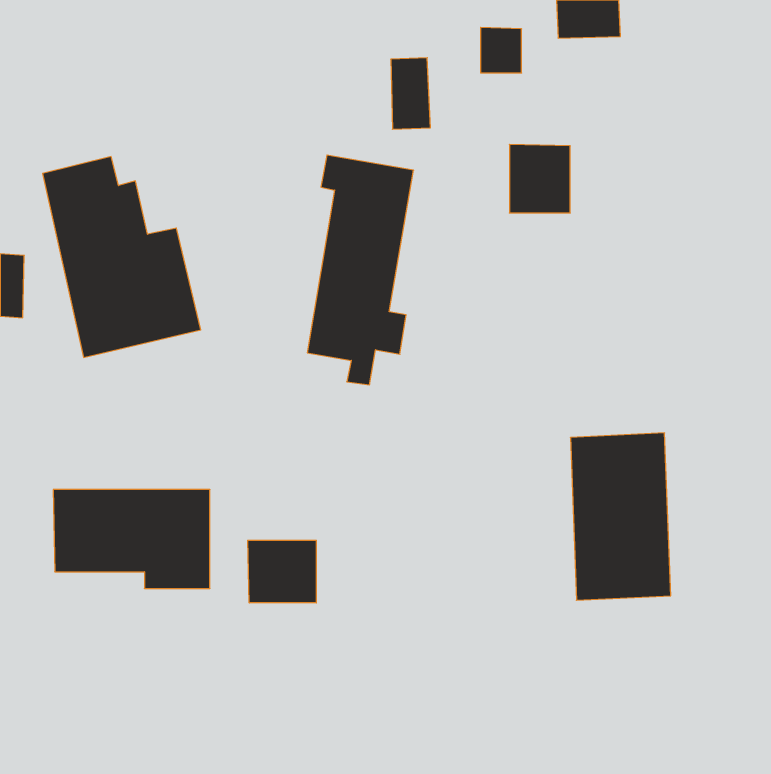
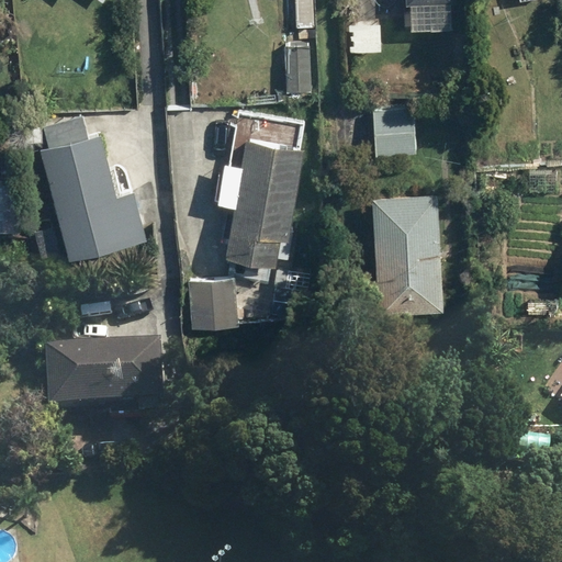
building: none -> [191,276,239,329]
building: [570,433,671,600] -> [371,192,443,313]
building: [248,540,316,603] -> none

